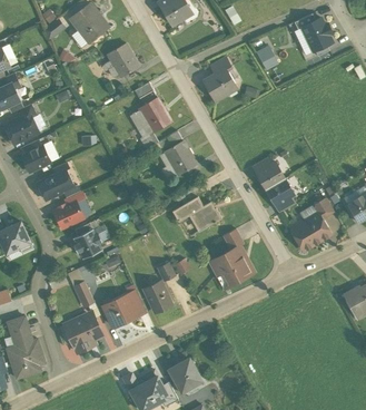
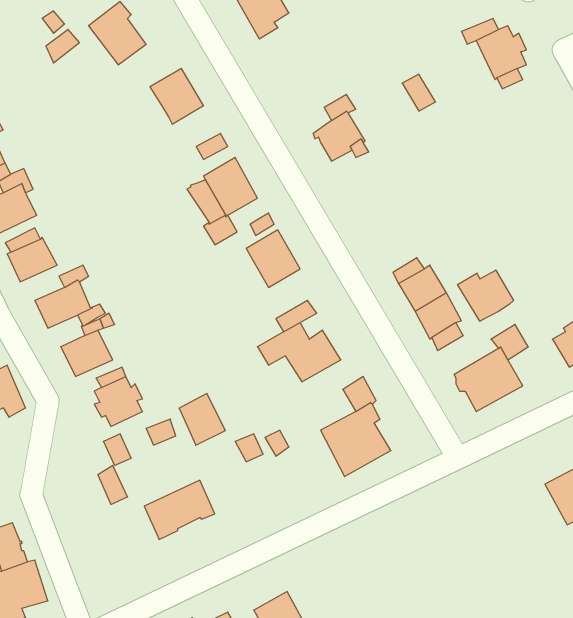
building: none -> [458,270,514,321]
building: [144,281,171,312] -> [179,393,225,445]
building: [65,316,102,352] -> none

